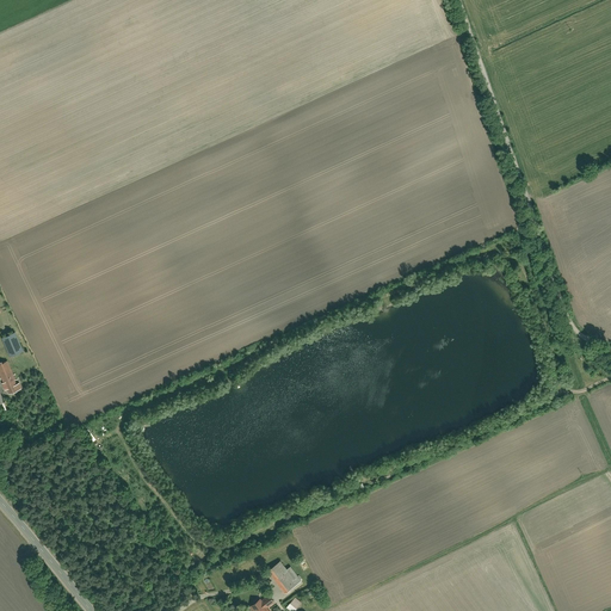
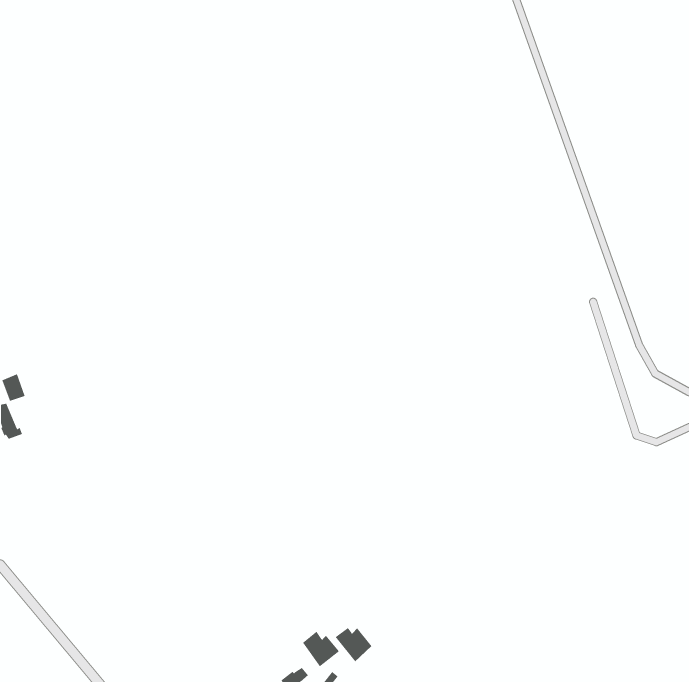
building: none -> [335,627,372,662]

